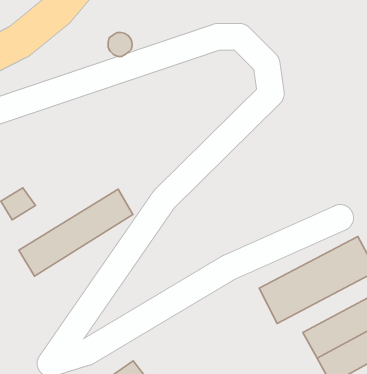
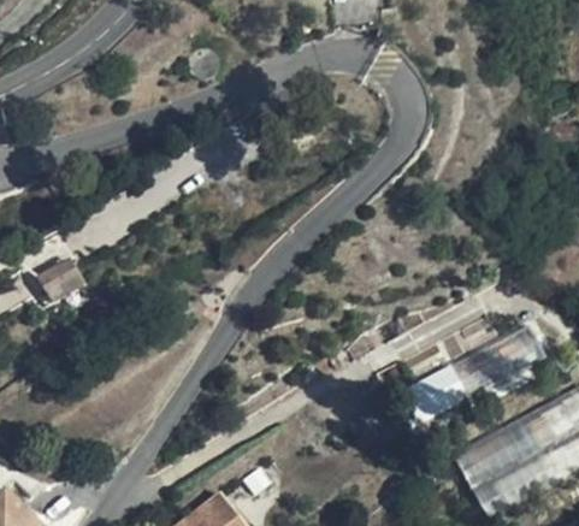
building: [19,189,133,276] -> none

